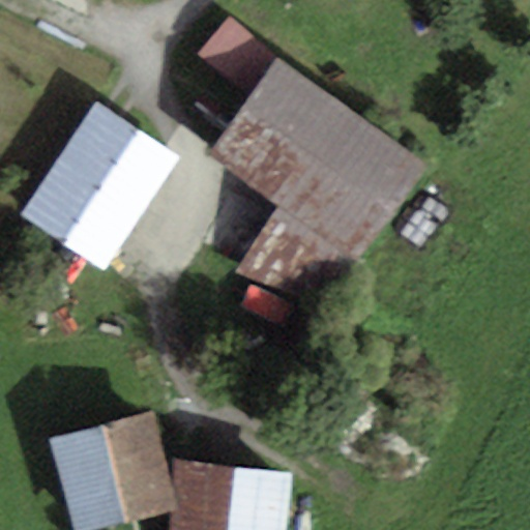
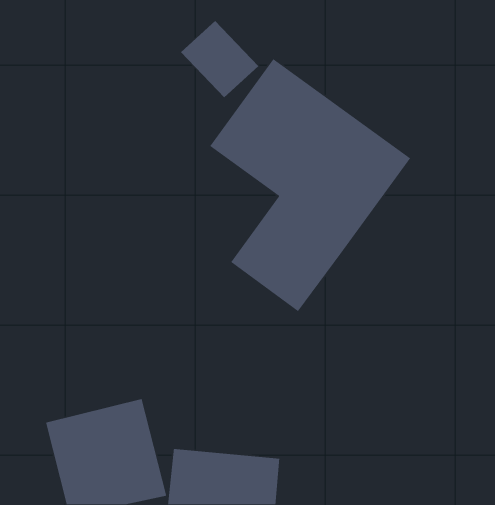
building: [19,101,177,273] -> none

